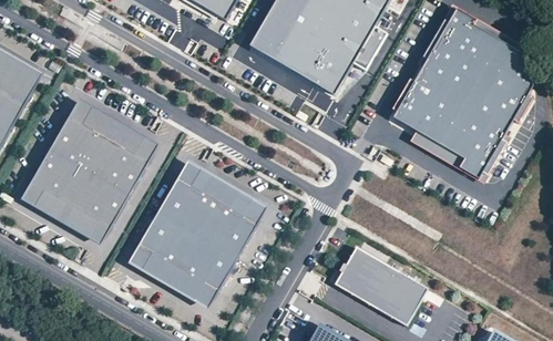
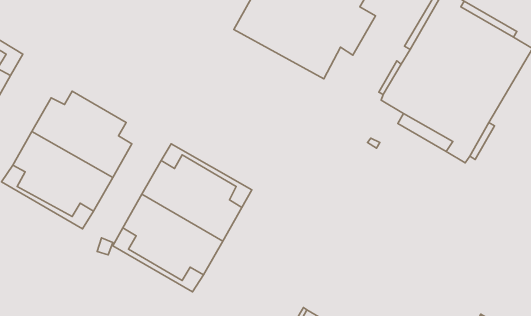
building: [68,97,157,161] -> none
building: [331,247,424,326] -> none

